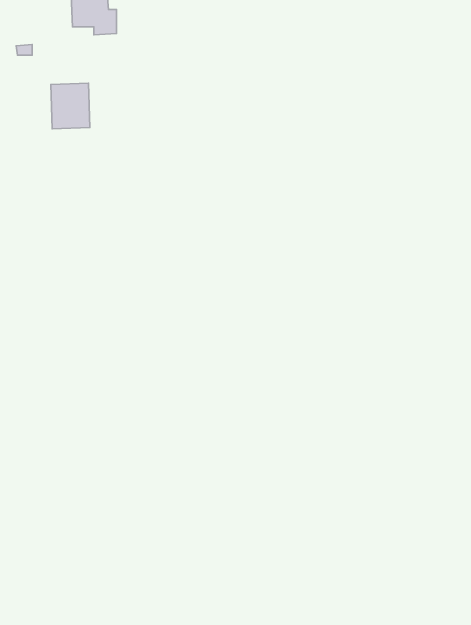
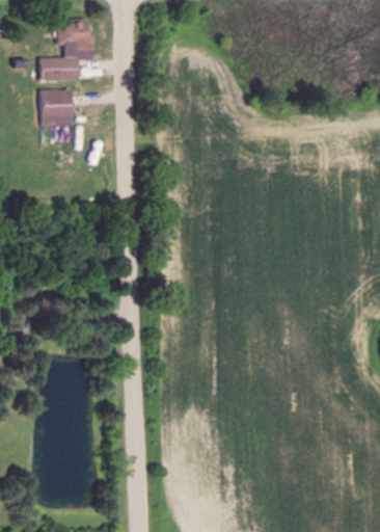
building: none -> [39,58,78,81]

